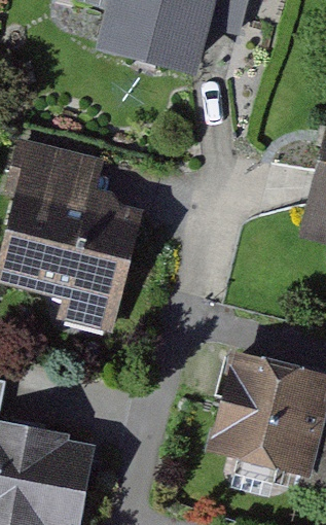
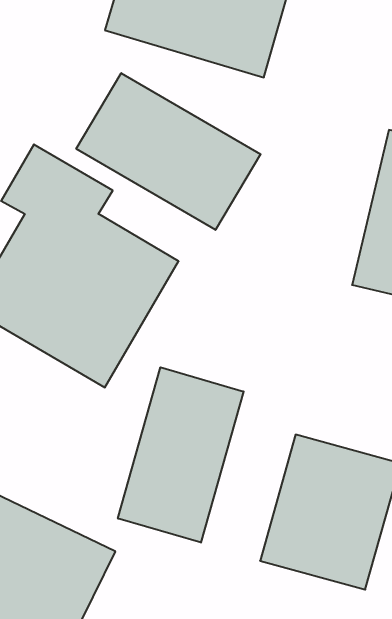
building: none -> [76,73,261,230]
building: none -> [118,367,244,543]

